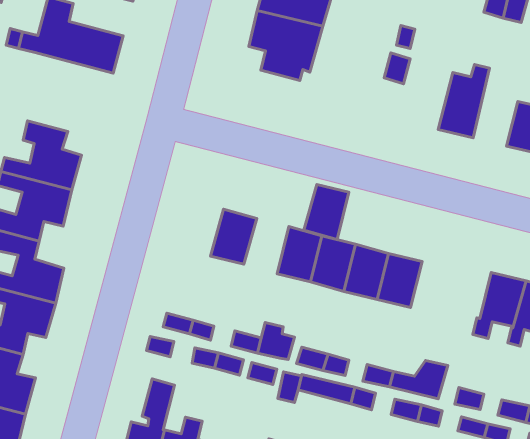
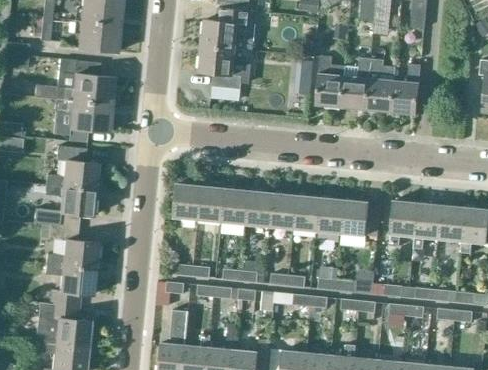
building: none -> [317,56,346,108]
building: none -> [52,98,111,132]
building: none -> [367,60,394,112]
building: [304,184,349,240] -> [222,189,249,225]
building: none -> [174,184,202,220]
building: none -> [342,201,370,237]

